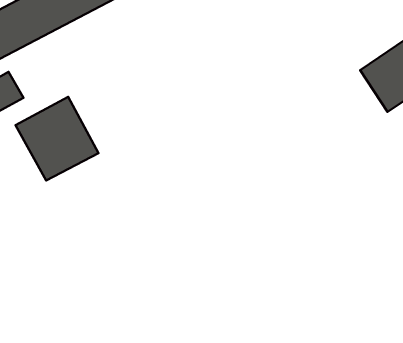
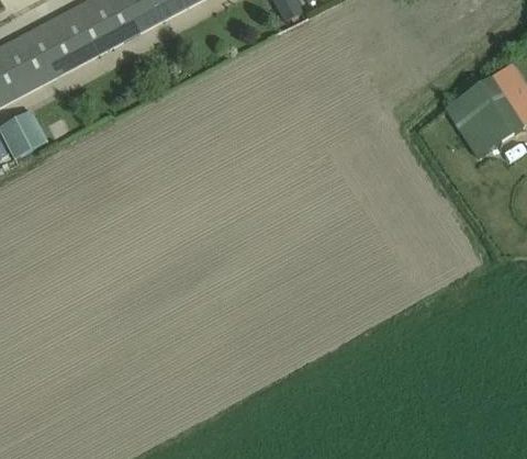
building: [16,97,98,181] -> none

